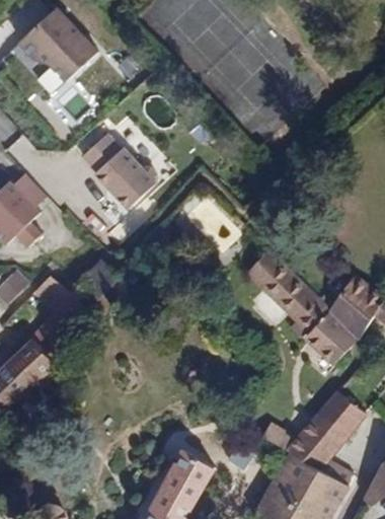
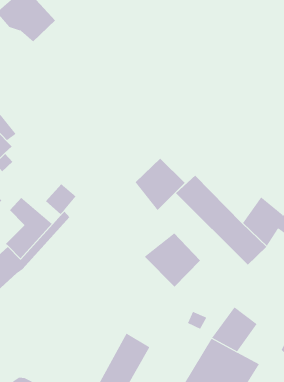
building: [81,136,155,212] -> none
building: none -> [135,158,186,211]
building: none -> [144,232,201,287]
building: [319,391,366,437] -> none

